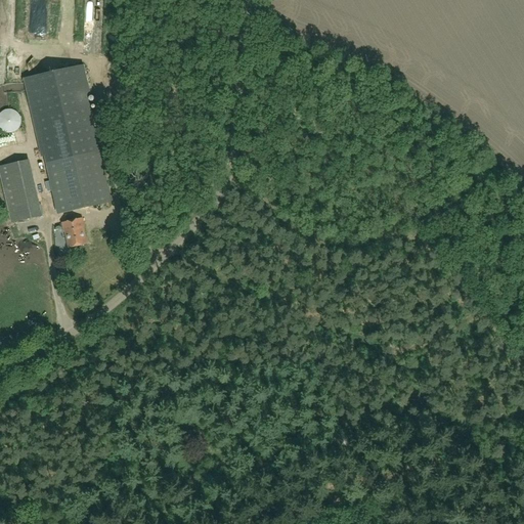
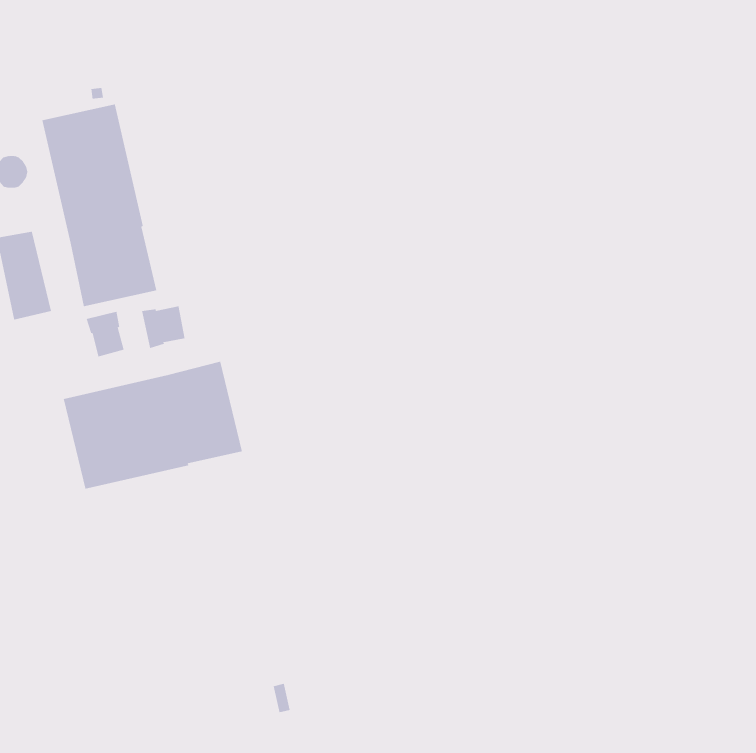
building: none -> [141,306,185,349]
building: none -> [63,361,242,489]

